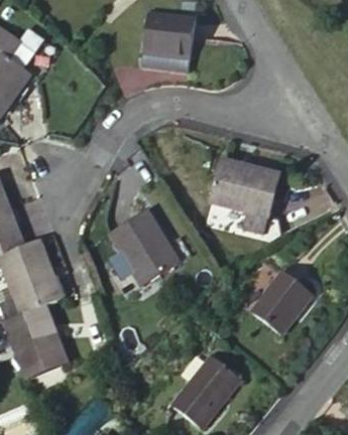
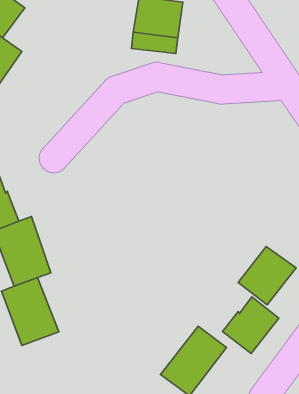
building: [209,160,280,231] -> none
building: [110,208,180,284] -> none
building: none -> [223,297,279,353]

